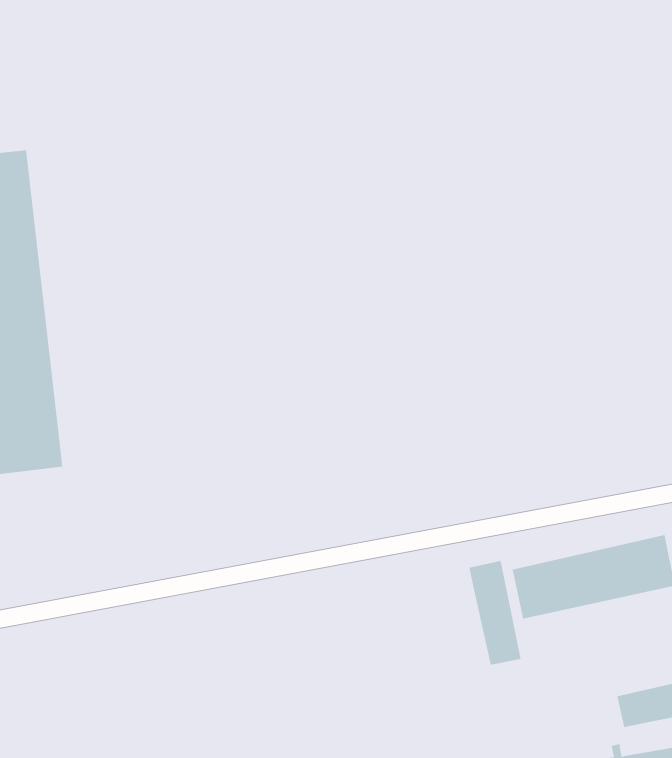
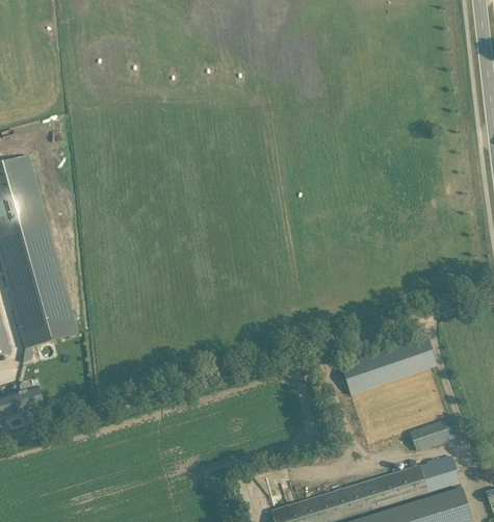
building: [469,560,521,665] -> none

